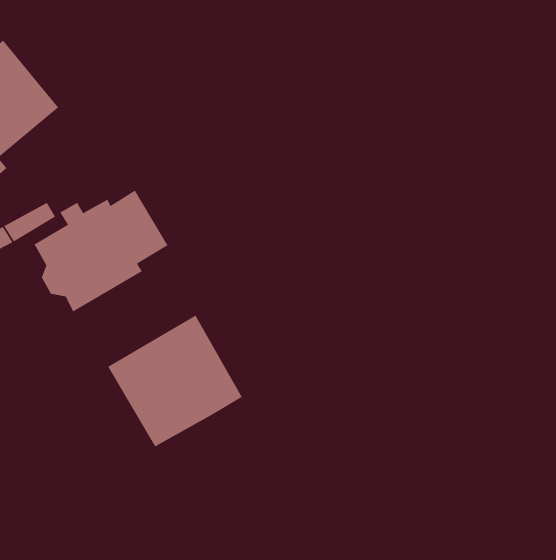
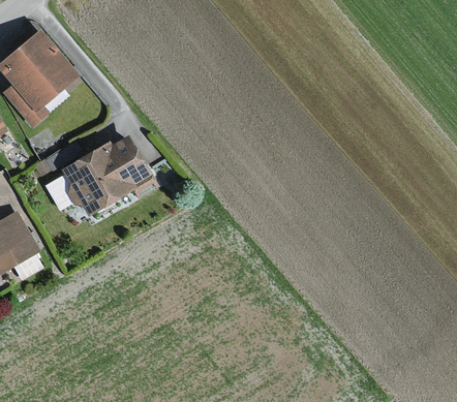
building: [107,314,243,448] -> none

